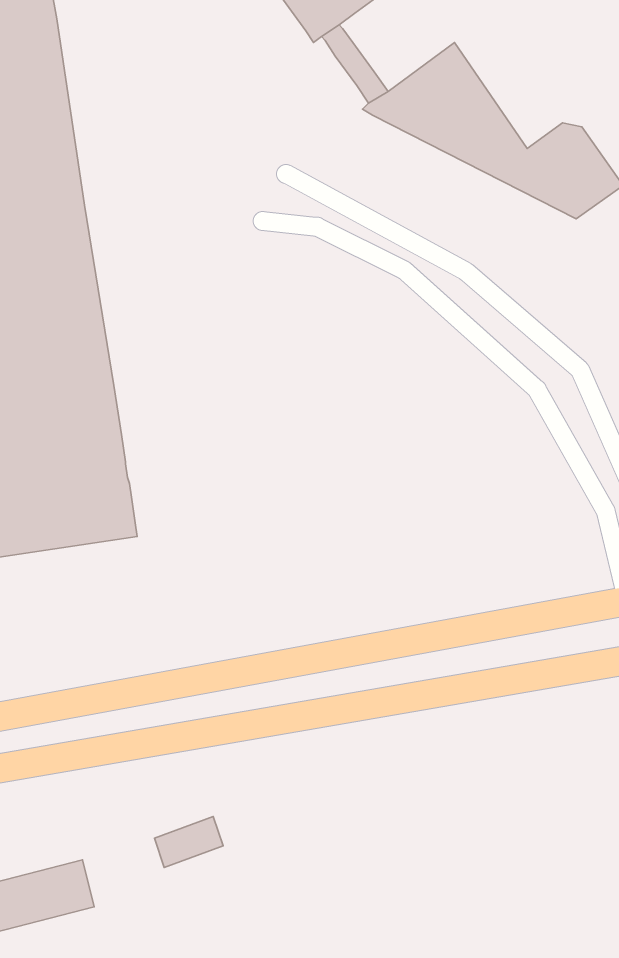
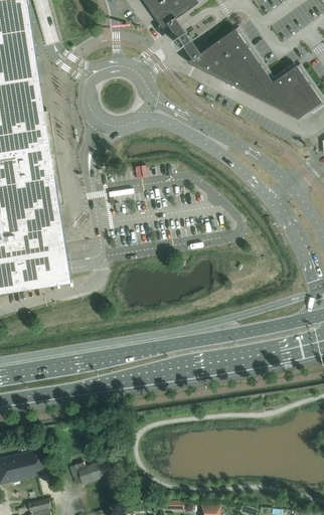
building: [155,817,223,867] -> [76,458,112,484]

